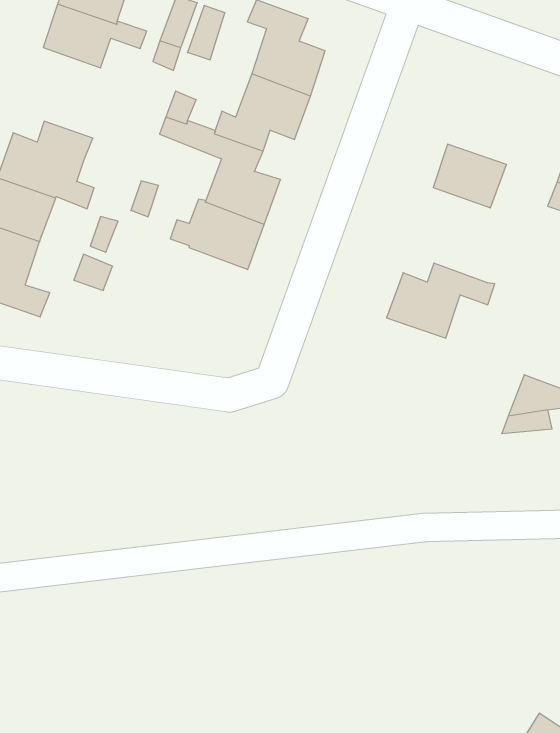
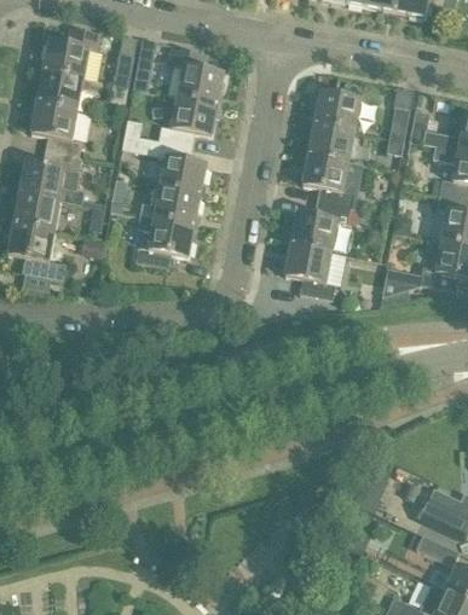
building: none -> [30,103,80,157]
building: none -> [313,92,360,130]
building: none -> [302,153,363,210]
building: none -> [135,215,195,268]
building: none -> [287,244,336,298]

